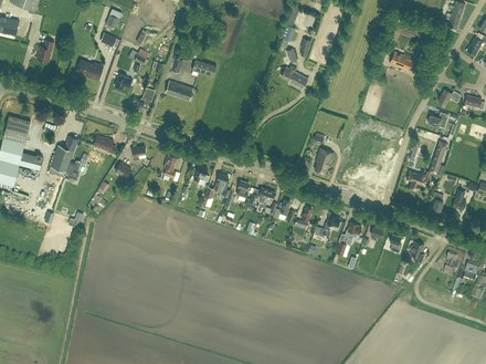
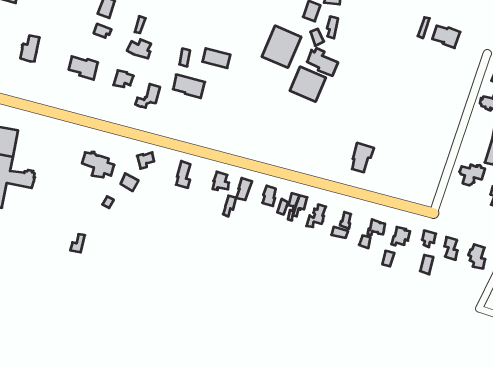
building: none -> [262,26,301,68]
building: none -> [290,67,326,102]
building: [49,135,78,177] -> none

